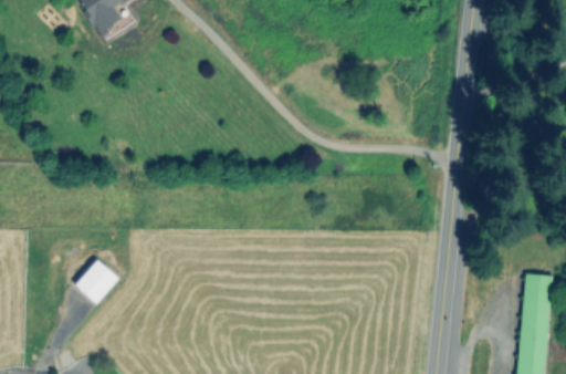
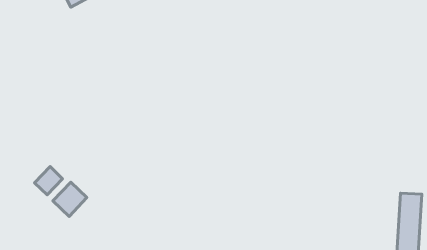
building: none -> [35,167,63,195]

